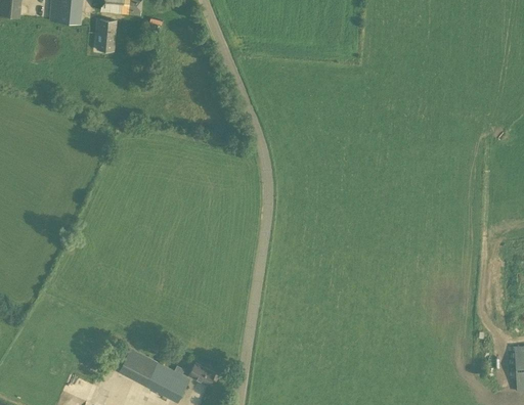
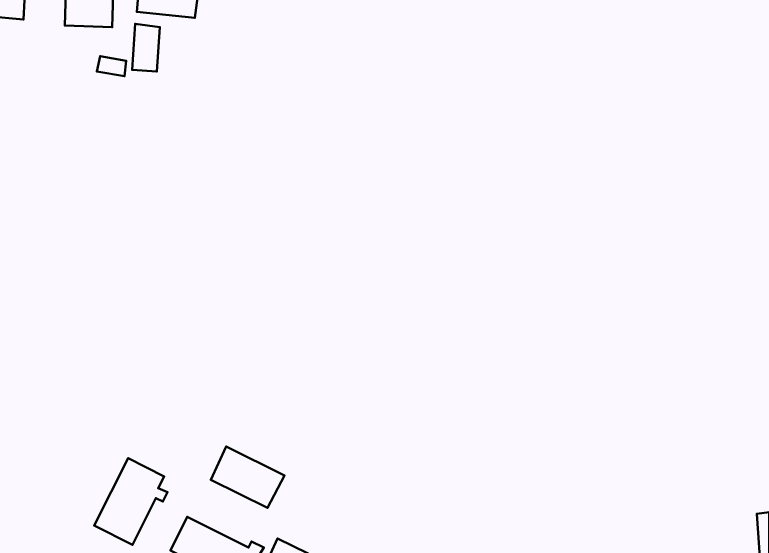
building: none -> [211,447,284,508]
building: none -> [94,458,167,545]

